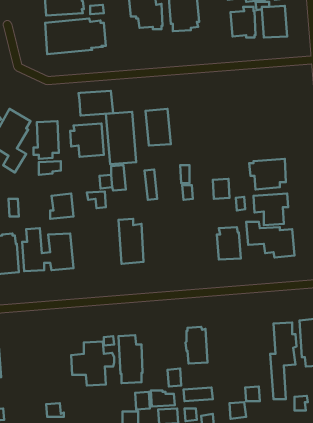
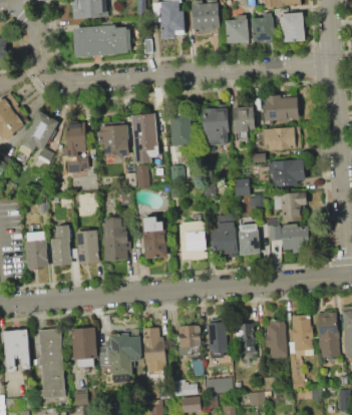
building: none -> [226,14,250,44]
building: [78,91,113,115] -> none
building: none -> [264,95,300,121]
building: none -> [232,105,256,139]
building: none -> [203,108,230,145]
building: none -> [266,125,306,152]
building: none -> [102,217,131,260]
building: none -> [180,220,207,261]
building: none -> [212,222,239,257]
building: none -> [266,319,288,357]
building: none -> [239,323,256,354]
building: none -> [178,325,201,356]
building: none -> [38,328,65,398]
building: none -> [72,328,97,359]

